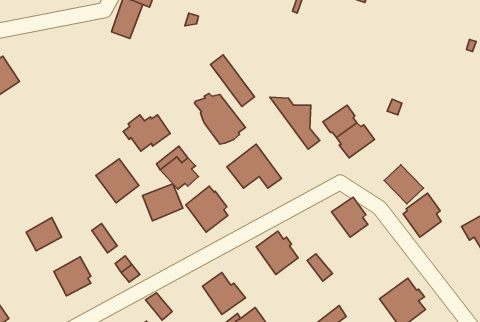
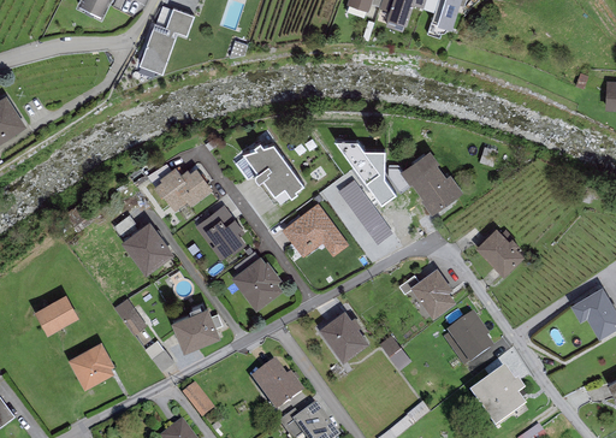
building: [210,55,254,107] -> [338,183,392,247]
building: [143,184,183,221] -> [171,304,220,350]
building: [403,193,441,237] -> [444,313,491,367]

